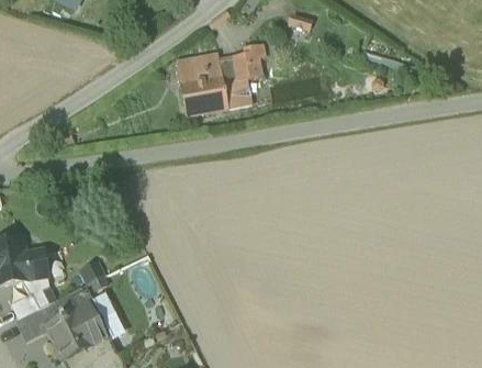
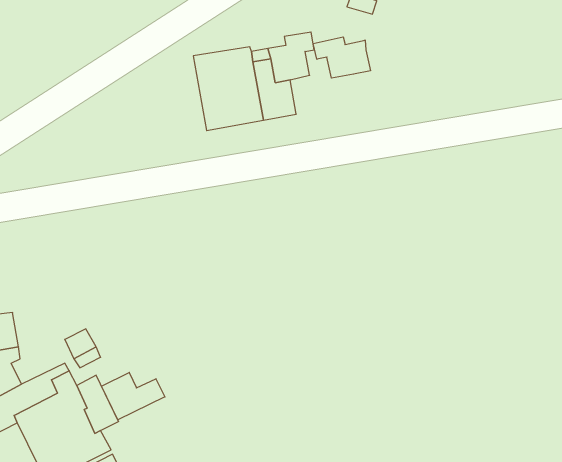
building: none -> [313,37,370,78]
building: none -> [101,372,165,420]

